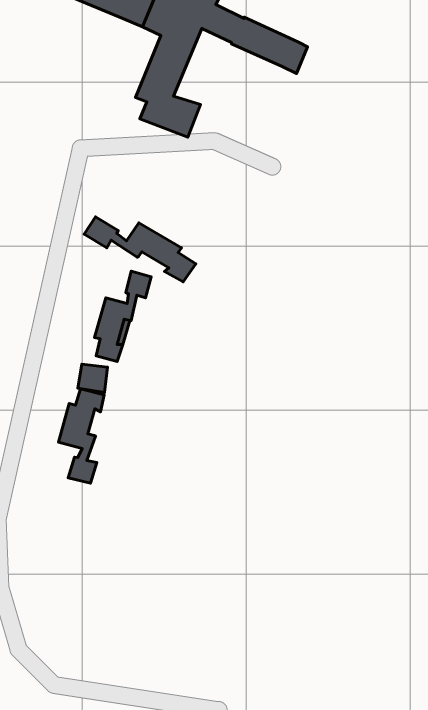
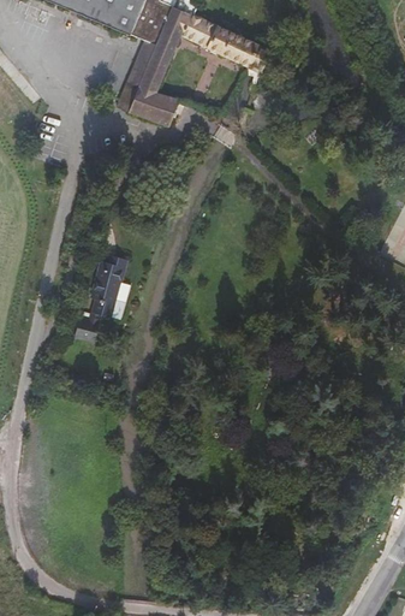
building: [84,217,196,282] -> none
building: [58,389,104,483] -> none

